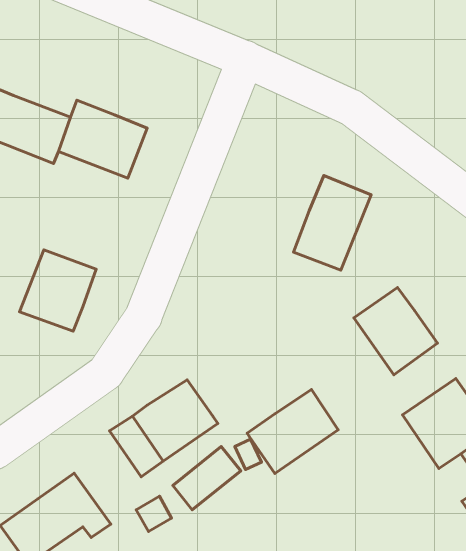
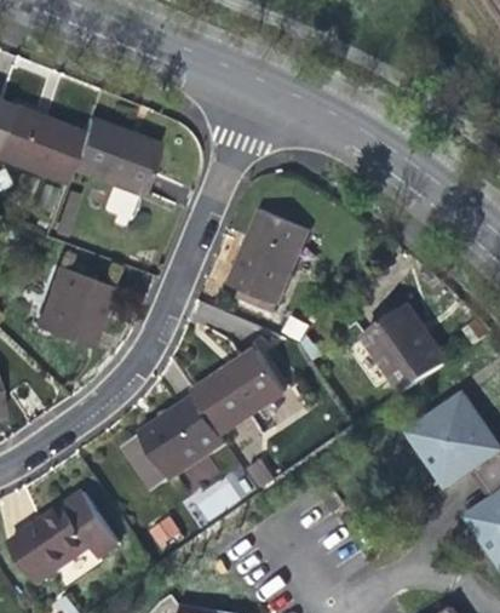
building: [293,175,371,270] -> [229,207,306,302]
building: [247,390,338,473] -> [194,349,285,432]

